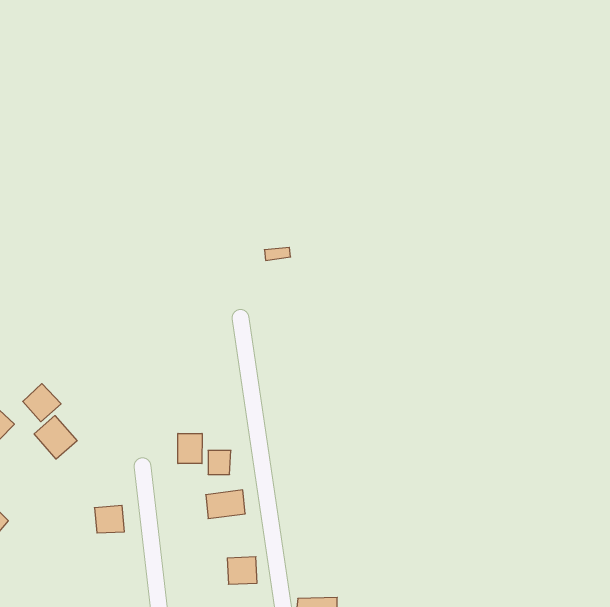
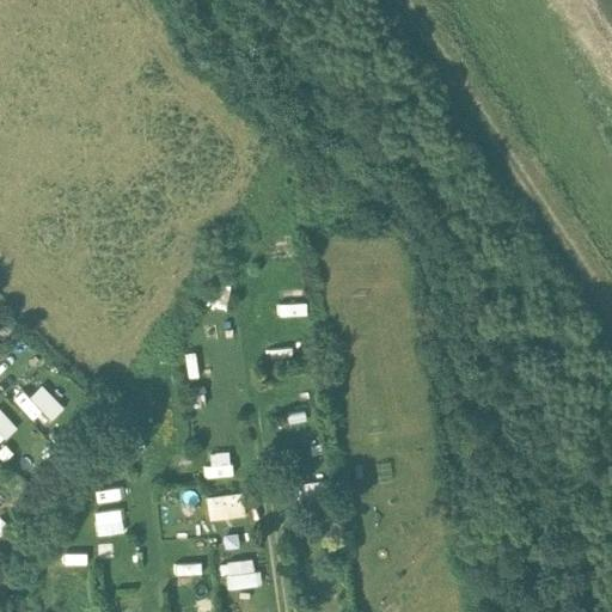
building: [34,416,77,459] -> none
building: [178,433,202,464] -> none

